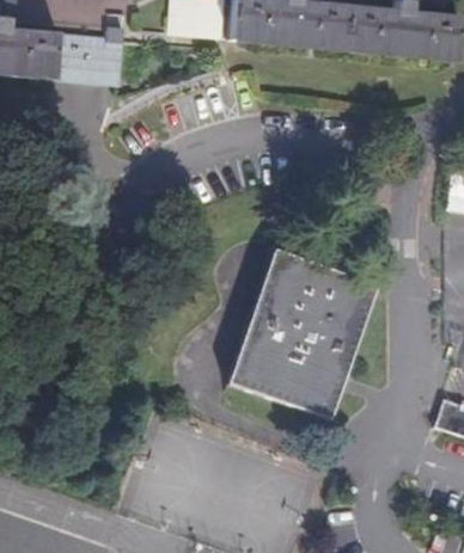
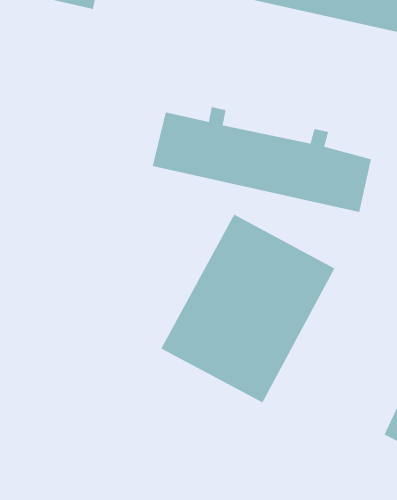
building: none -> [152,106,372,213]

